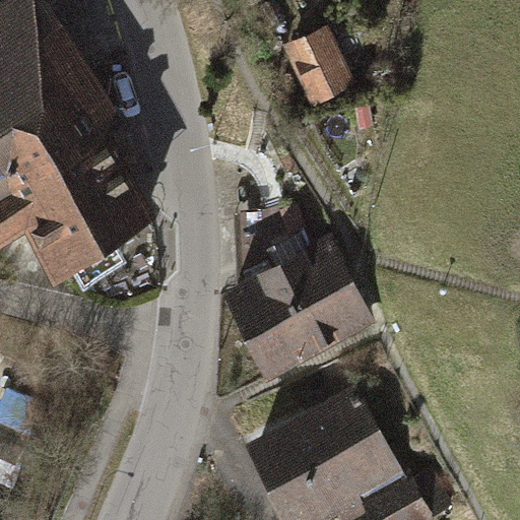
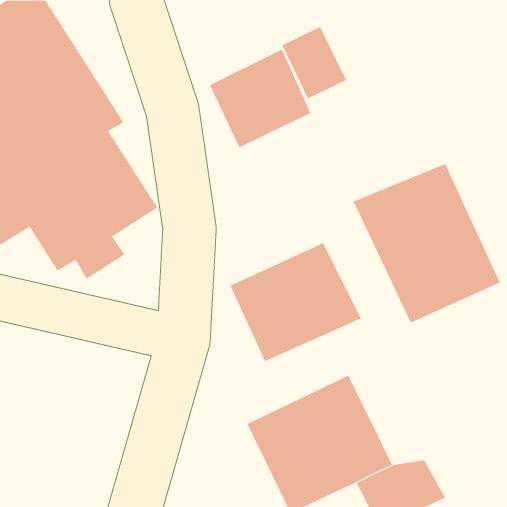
building: none -> [209,48,311,148]
building: none -> [353,163,500,324]

